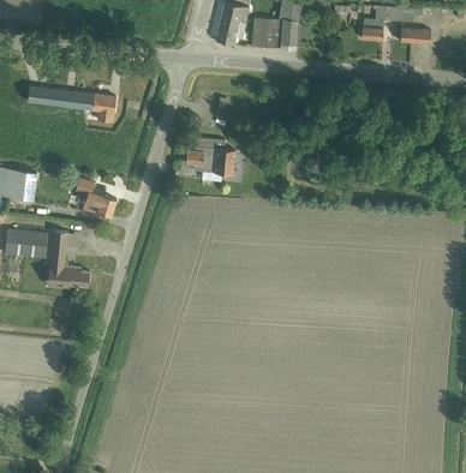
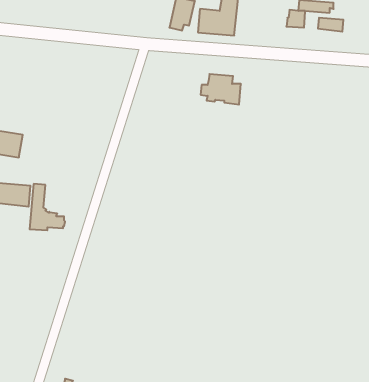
building: [28,85,115,121] -> none
building: [185,137,234,174] -> [201,74,241,105]
building: [76,176,116,216] -> none

